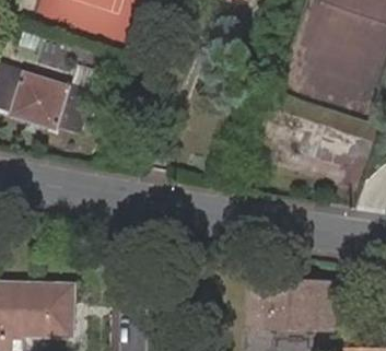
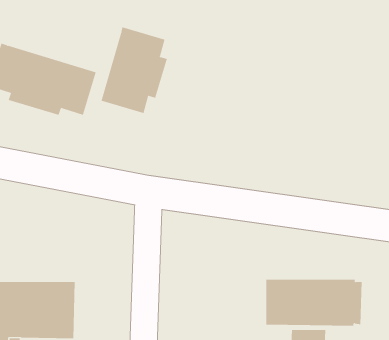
building: none -> [101,26,168,114]

